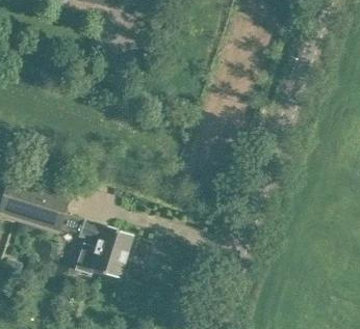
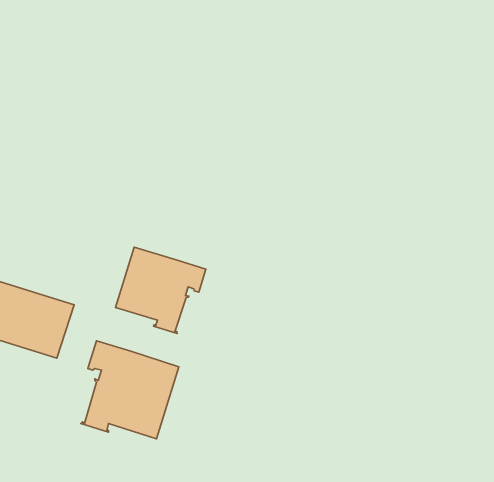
building: none -> [115,247,206,333]

